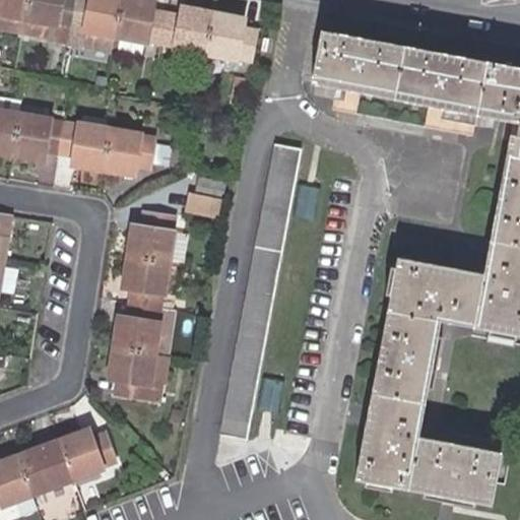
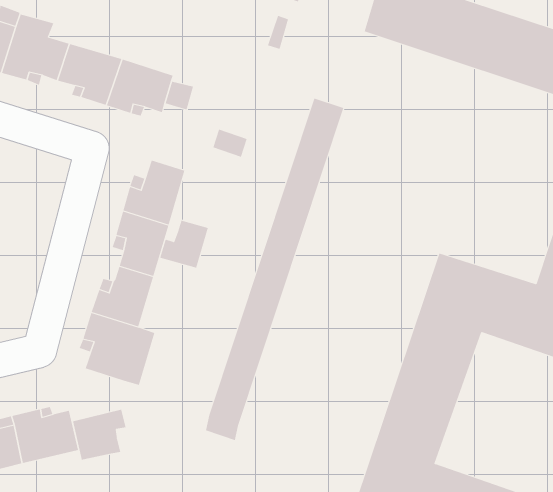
building: none -> [160,220,209,269]
building: none -> [72,409,126,461]

